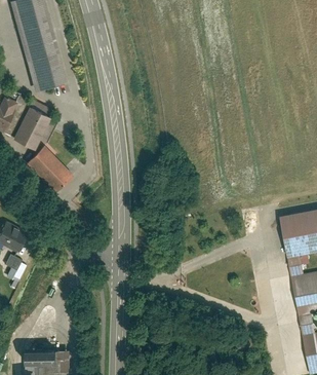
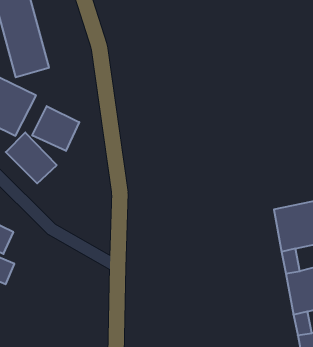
building: none -> [32,106,79,151]

